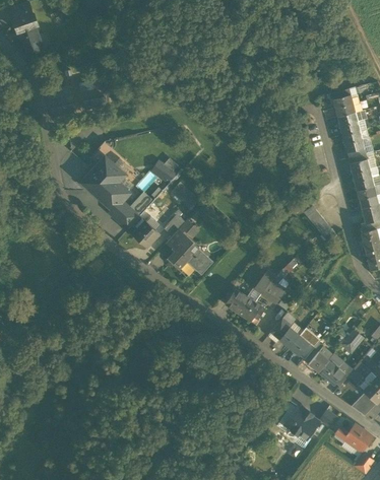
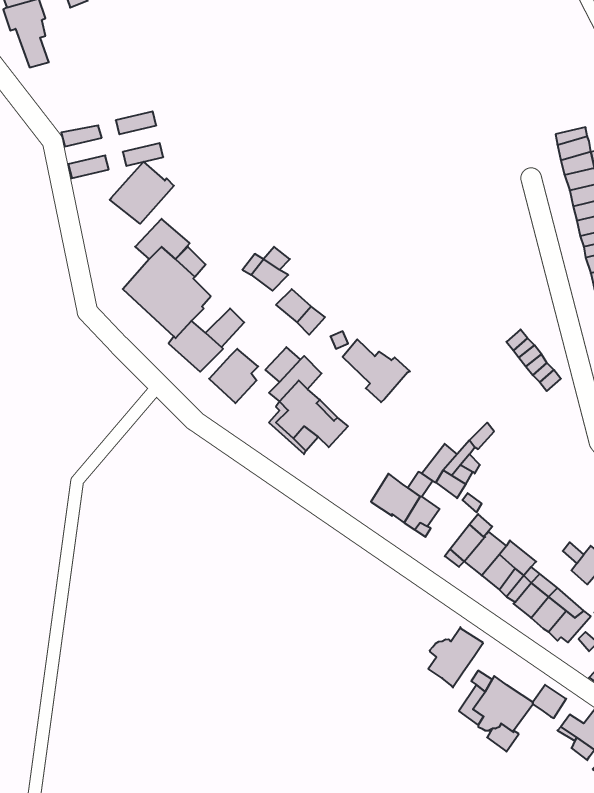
building: none -> [110,162,174,224]
building: none -> [343,339,410,402]
building: none -> [428,627,483,688]

